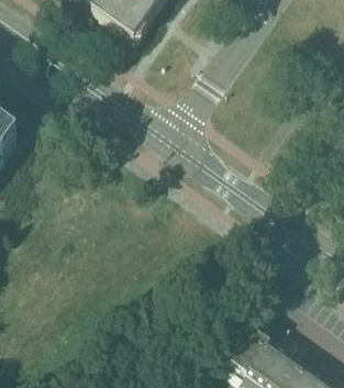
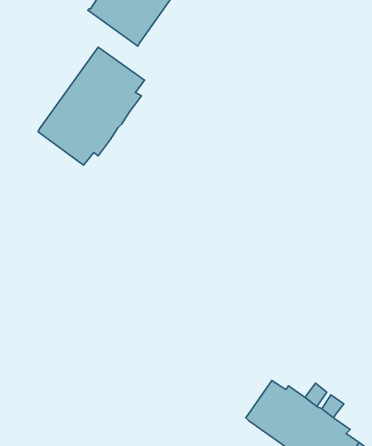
building: none -> [38,47,145,165]

